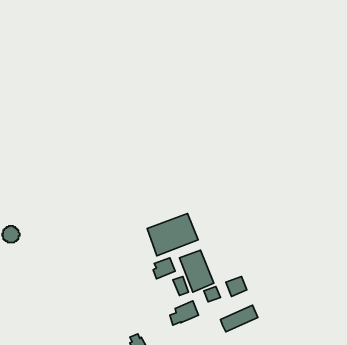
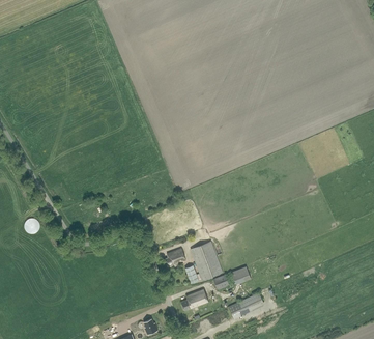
building: [147,214,198,256] -> none

